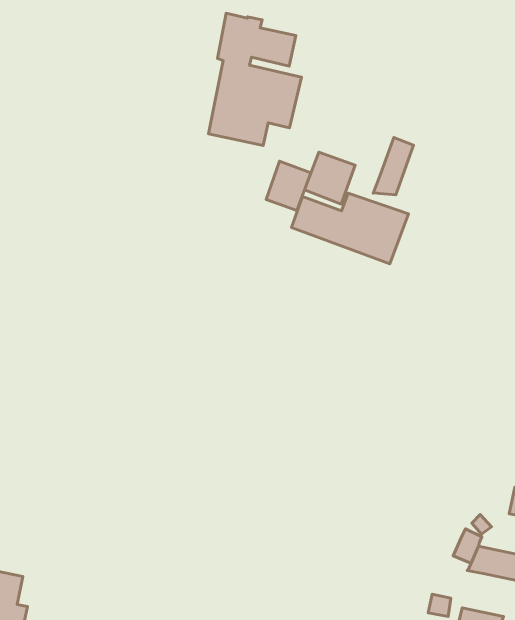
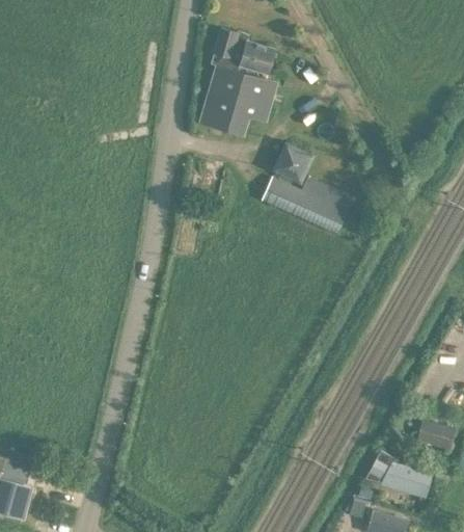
building: [373,138,413,195] -> none
building: [266,161,311,210] -> none

